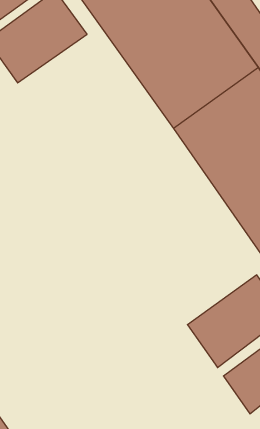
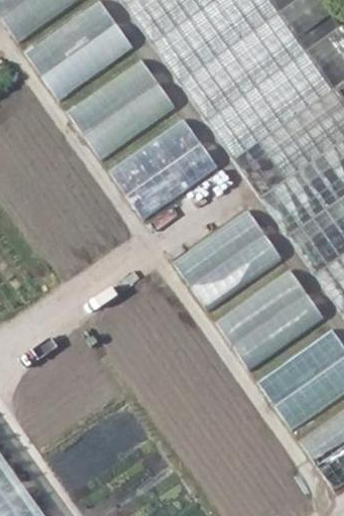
building: none -> [62,55,179,163]
building: none -> [106,117,222,226]
building: none -> [169,208,286,315]
building: none -> [212,267,330,376]

